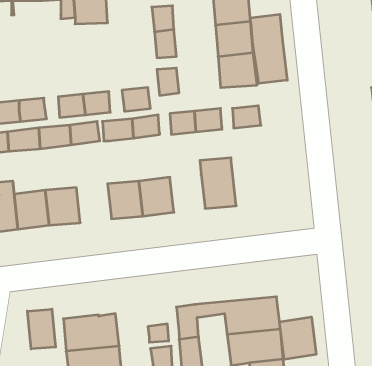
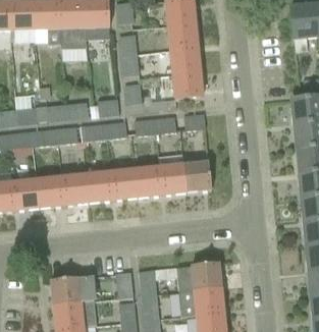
building: [250,14,287,83] -> none
building: none -> [182,153,212,191]
building: none -> [61,165,89,205]
building: none -> [135,167,162,197]
building: [27,309,56,349] -> none
building: [280,317,316,359] -> none

